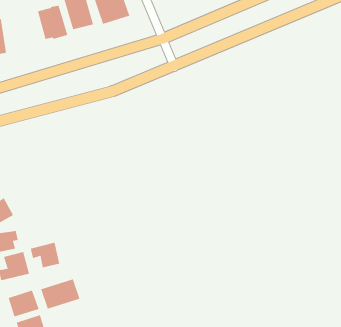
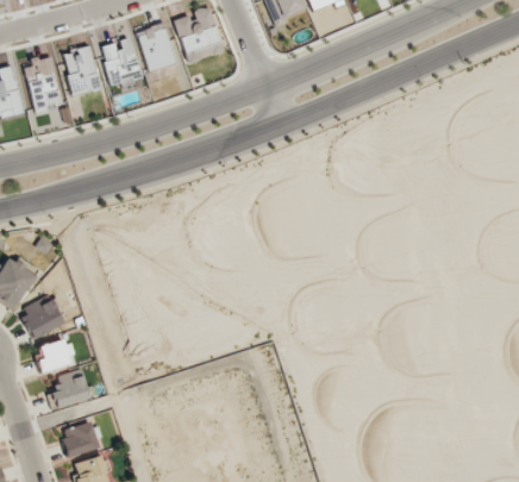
building: none -> [62,46,101,95]
building: [30,242,60,268] -> none
building: [41,278,80,310] -> none

